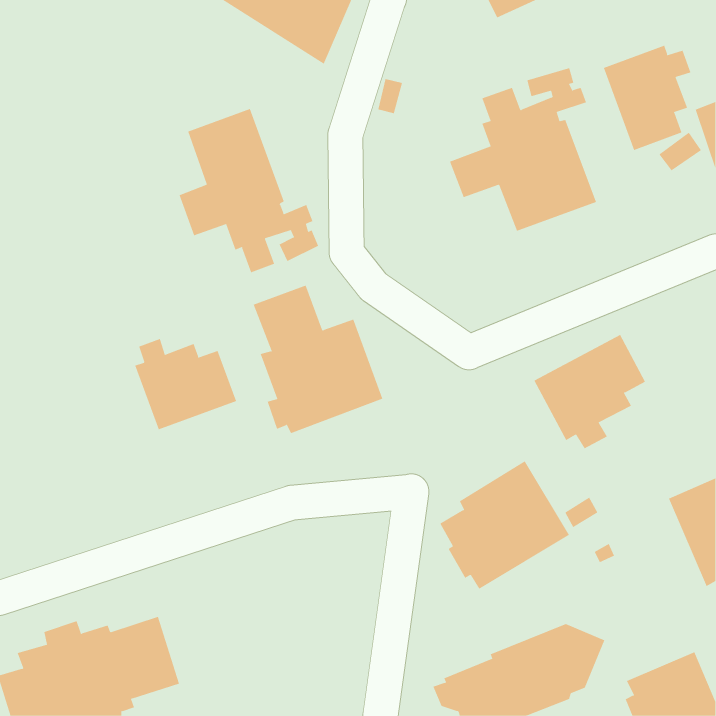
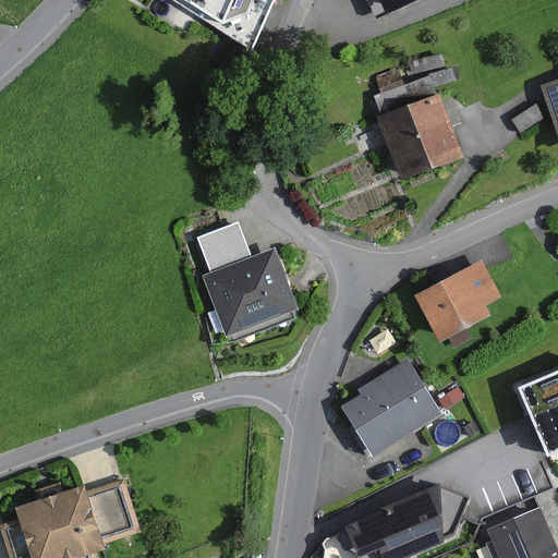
building: [603,45,691,151] -> none
building: [179,108,319,273] -> none
building: [135,338,237,430] -> none

